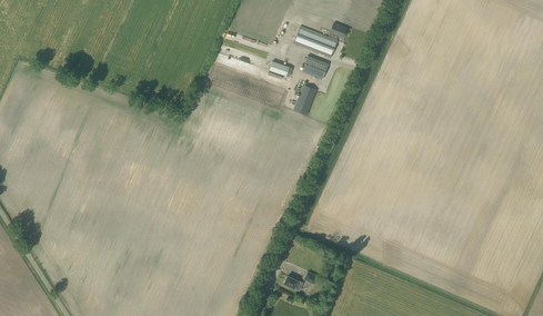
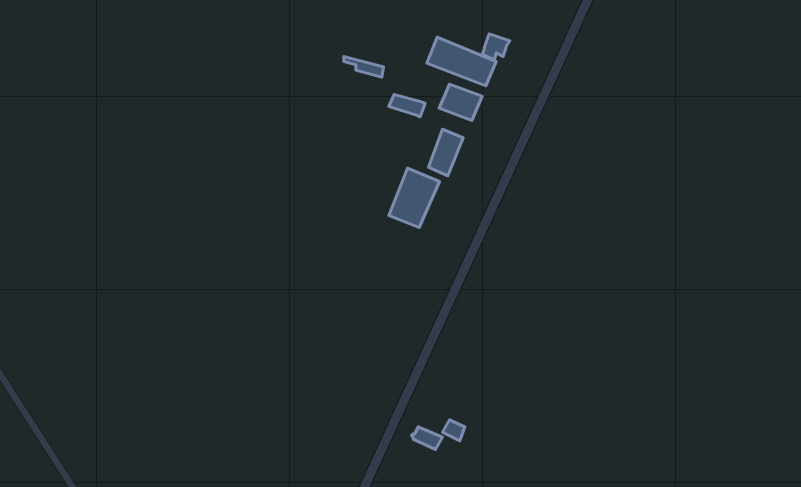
building: none -> [389,168,439,228]

